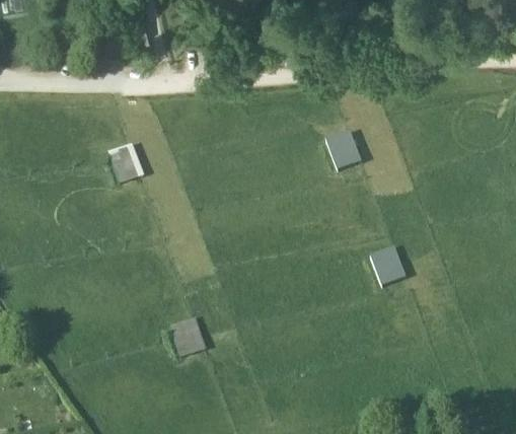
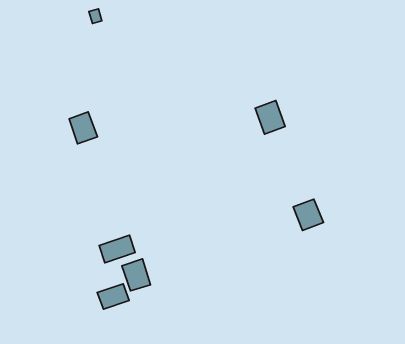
building: none -> [99,235,135,263]
building: none -> [97,284,129,309]

